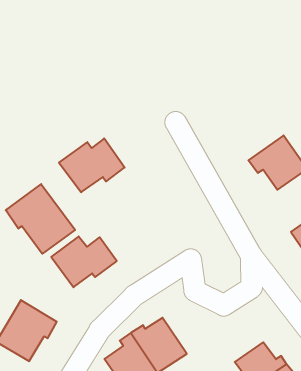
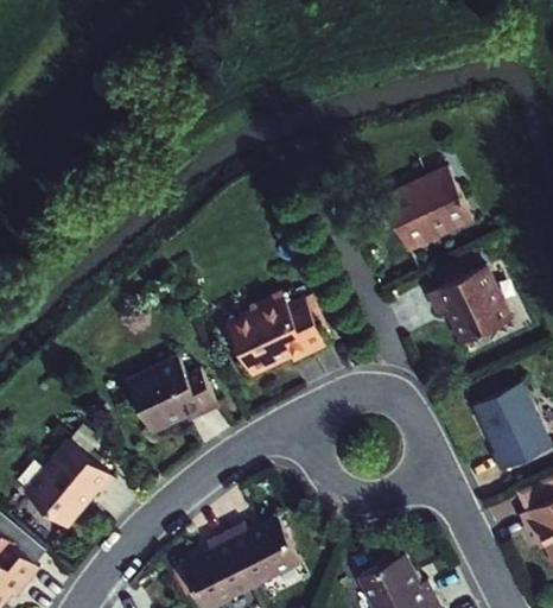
building: none -> [384,170,476,246]
building: [59,138,125,192] -> [234,306,326,378]
building: [6,184,75,254] -> none

